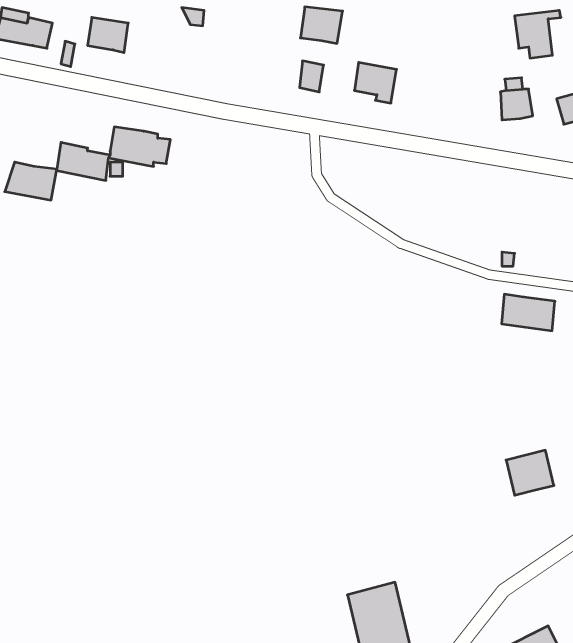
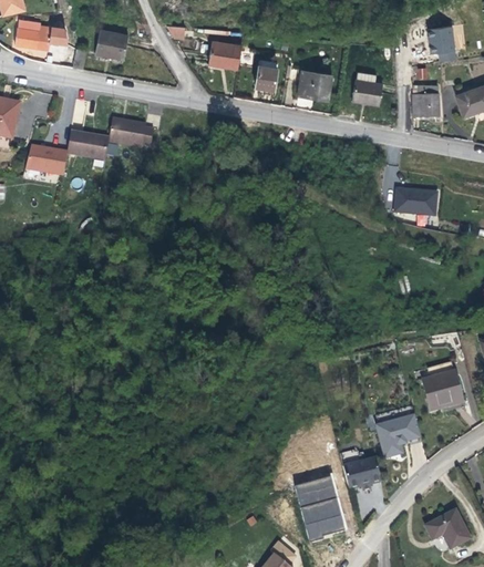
building: [300,7,343,43] -> [209,39,243,68]
building: none -> [354,70,384,104]
building: [502,294,555,331] -> [392,184,434,213]
building: none -> [368,401,418,452]
building: none -> [336,453,374,485]

